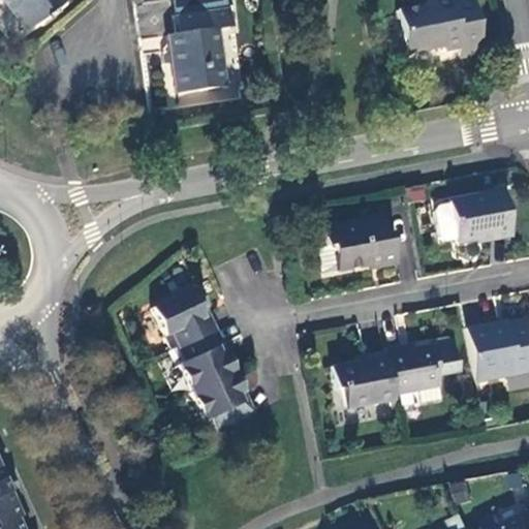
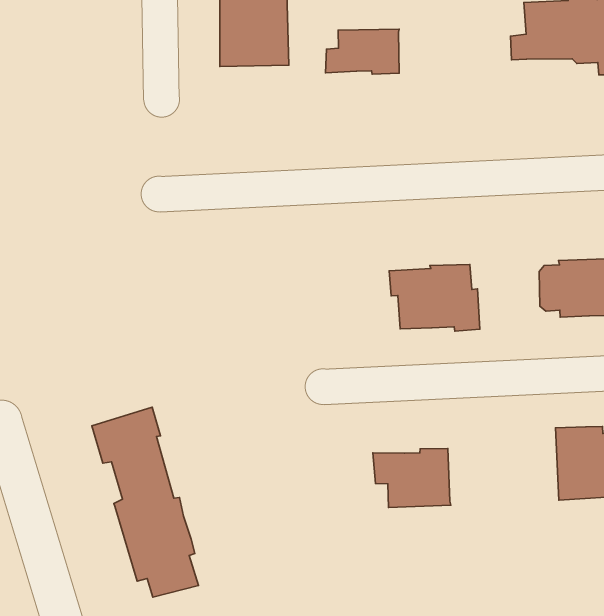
building: none -> [326,29,399,74]
building: [157,289,254,432] -> [92,407,198,597]
building: [388,336,461,401] -> none

